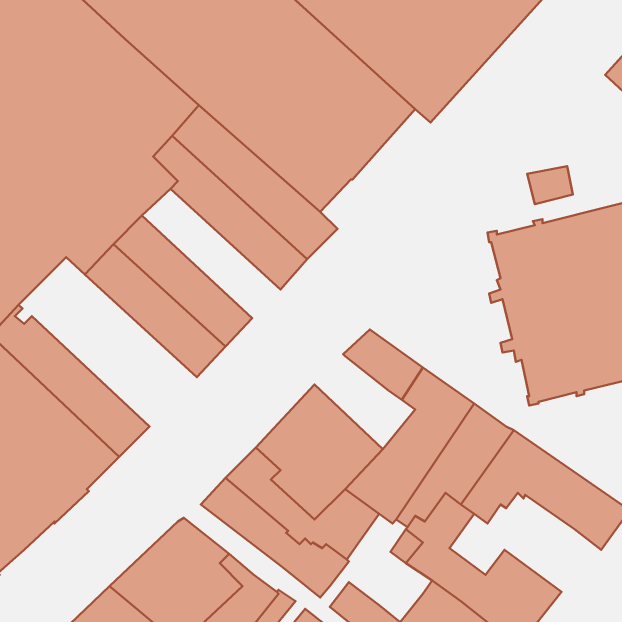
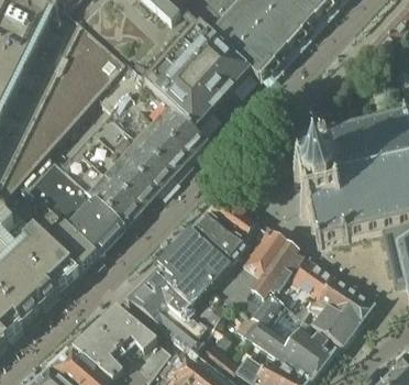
building: none -> [92,117,173,191]
building: none -> [19,156,126,254]
building: none -> [192,213,251,267]
building: none -> [292,293,358,347]

